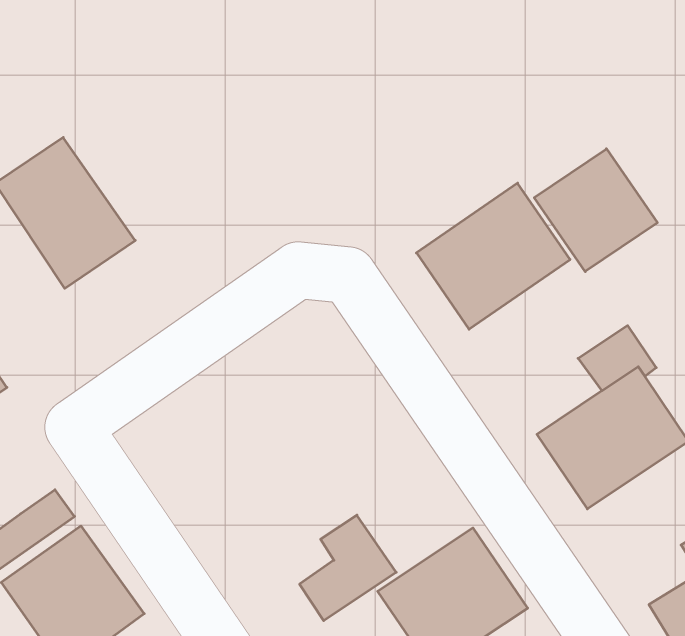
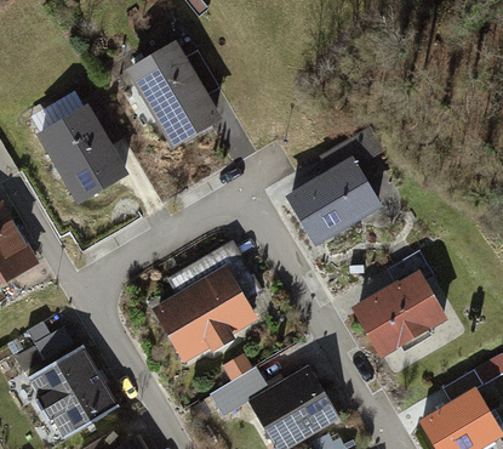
building: none -> [128,42,222,146]
building: [534,149,657,272] -> none
building: none -> [155,265,257,359]

